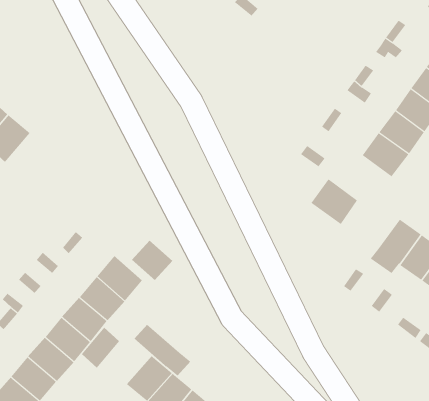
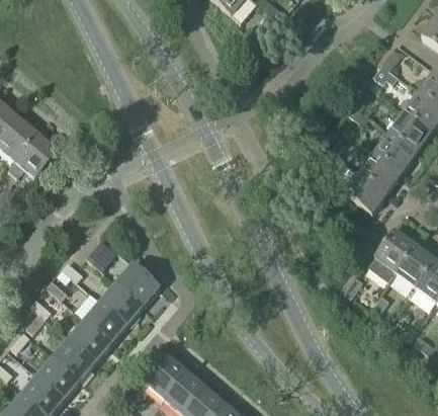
building: [310,179,358,225] -> [345,170,388,213]
building: [131,240,173,281] -> none
building: [133,324,191,377] -> none
building: [81,327,120,368] -> none

